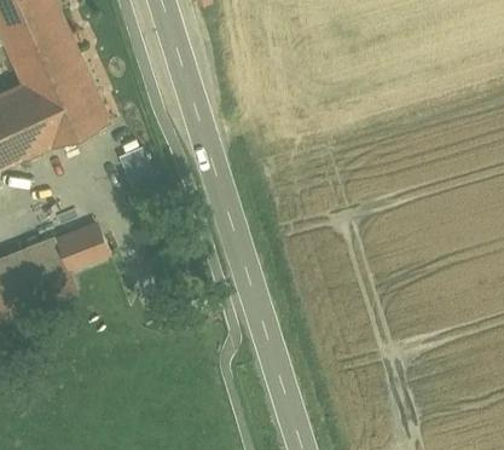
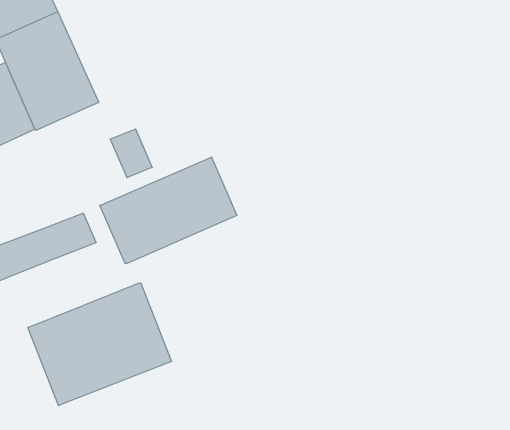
building: none -> [100,157,237,264]
building: none -> [28,283,171,406]

